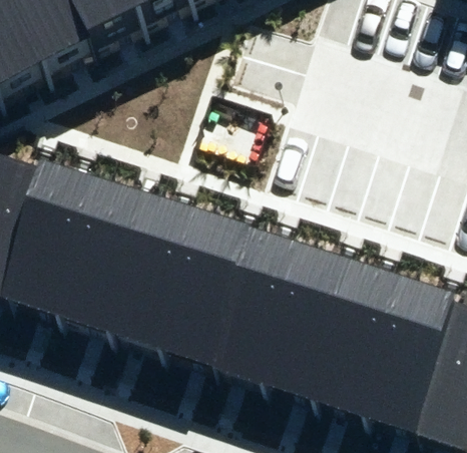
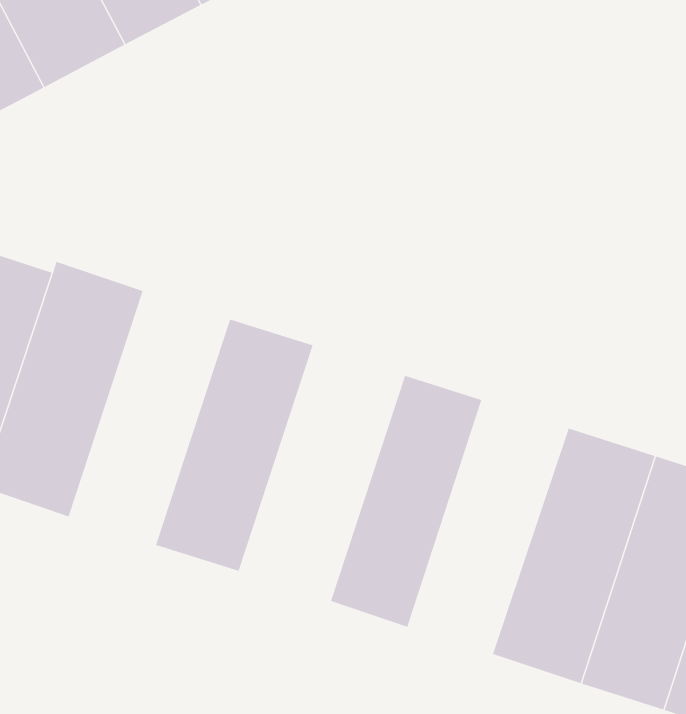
building: [55,179,152,334] -> none
building: [158,212,259,368] -> none
building: [261,246,358,400] -> none

